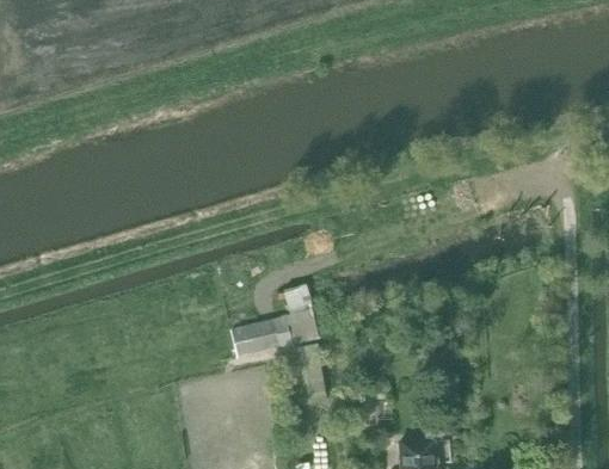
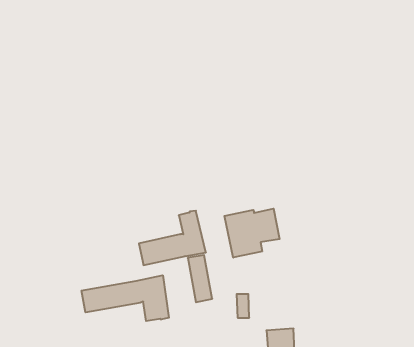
building: none -> [224,209,280,258]
building: none -> [82,275,169,321]

